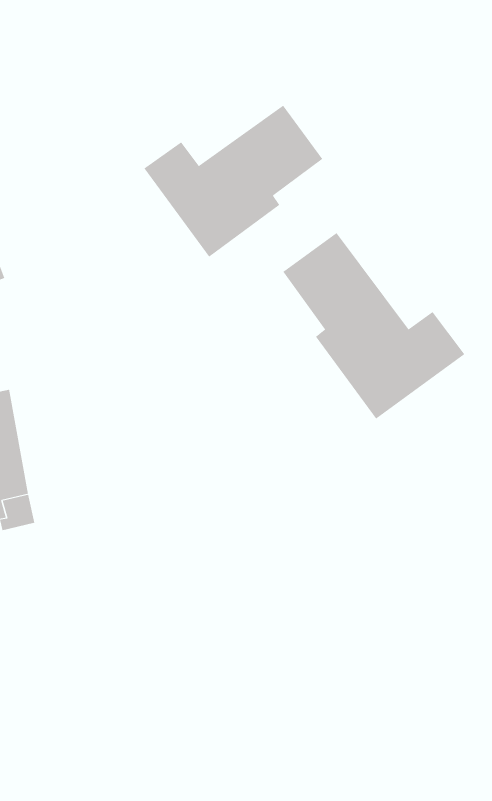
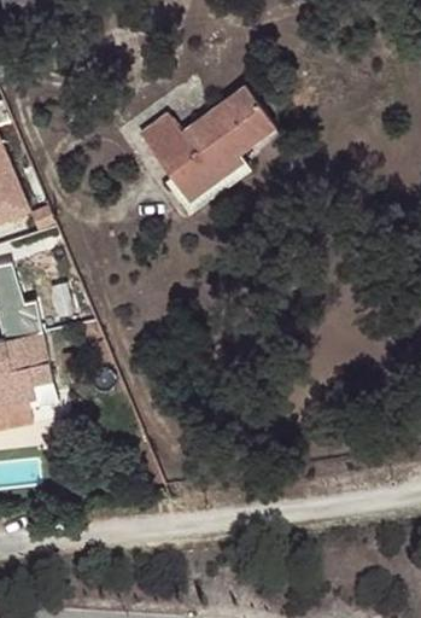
building: [282,232,465,420] -> none

